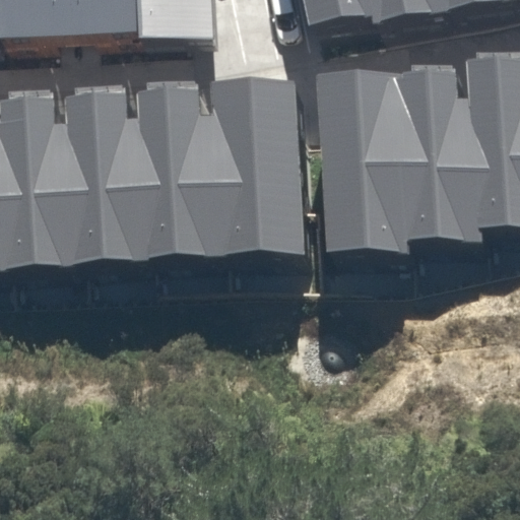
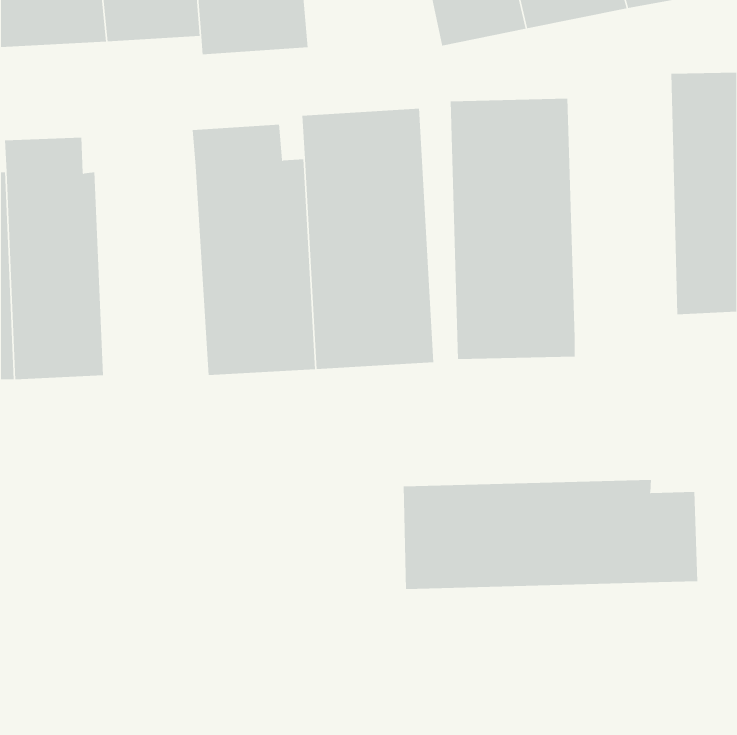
building: [400,68,476,238] -> none
building: [65,92,146,264] -> none
building: none -> [403,479,698,590]

